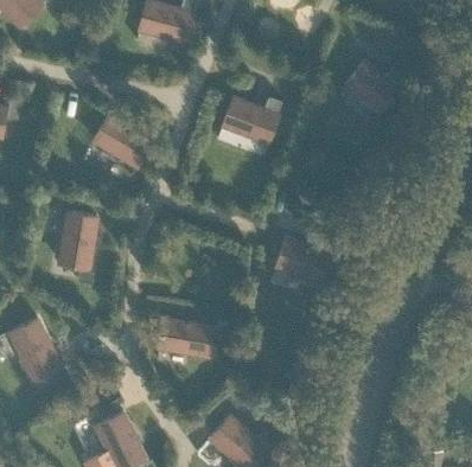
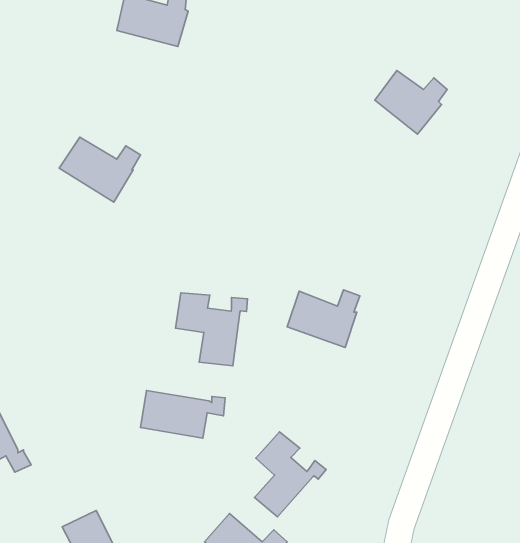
building: [222,97,281,145] -> none
building: [58,215,96,283] -> none
building: none -> [176,293,248,366]
building: none -> [254,432,326,517]

